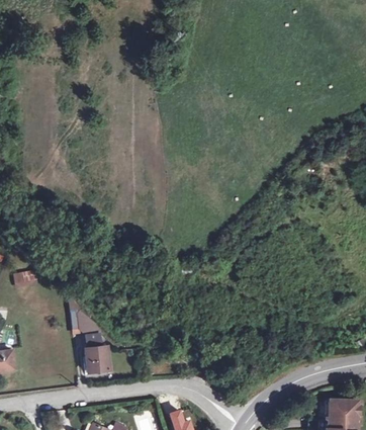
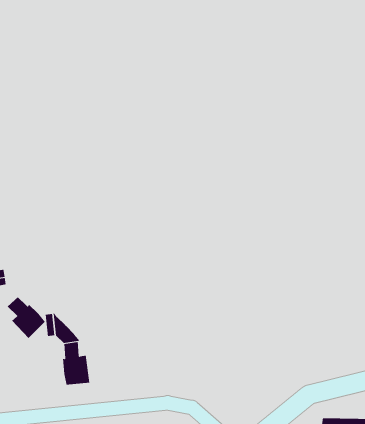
building: none -> [7,297,46,339]

